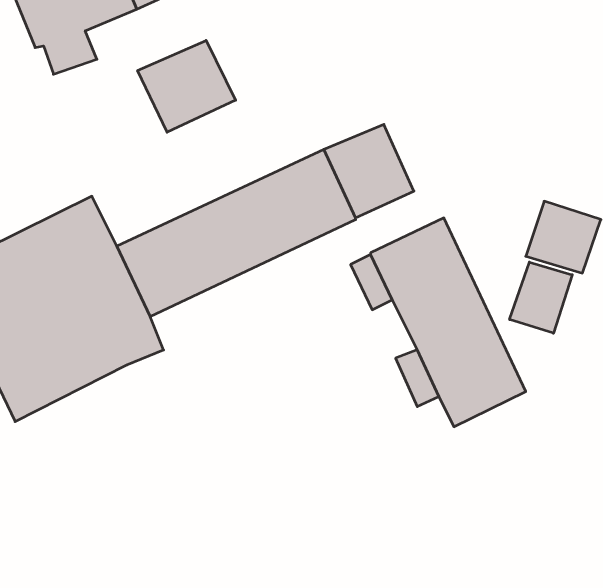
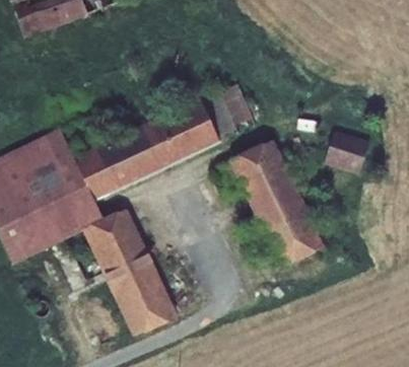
building: [138,40,236,132] -> none
building: [510,262,572,333] -> none
building: none -> [81,208,178,334]

